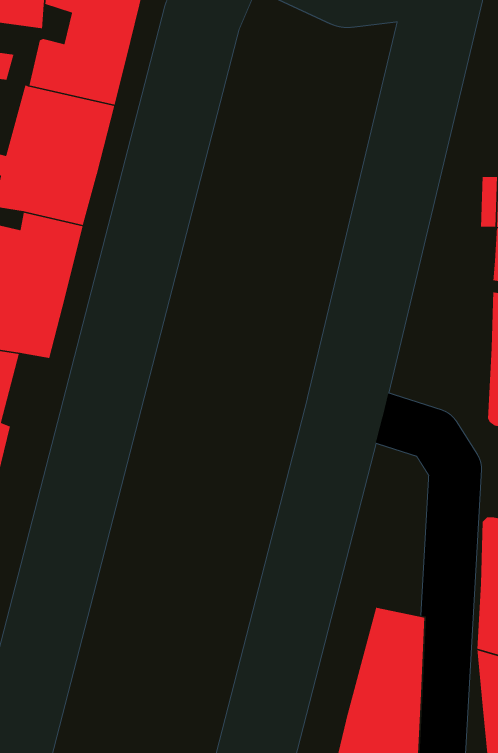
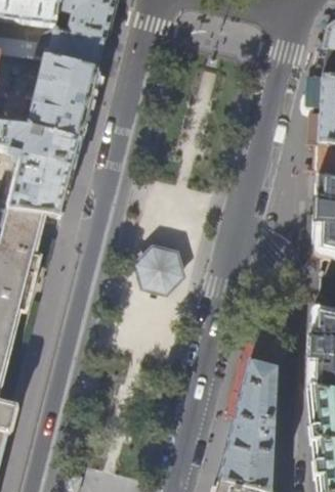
building: none -> [137,247,181,290]

